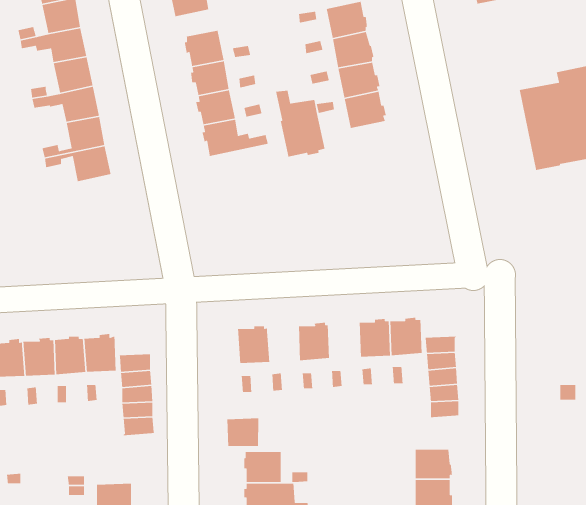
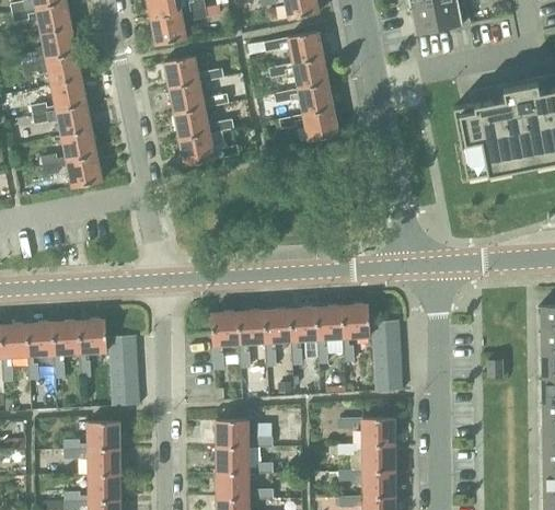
building: [275,90,326,157] -> none
building: none -> [289,306,316,339]
building: none -> [236,309,264,343]
building: [227,418,259,447] -> none
building: none -> [89,420,119,448]

